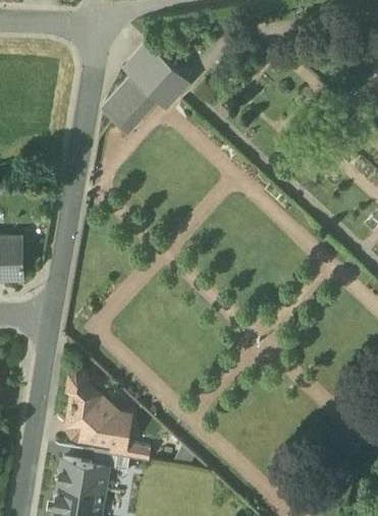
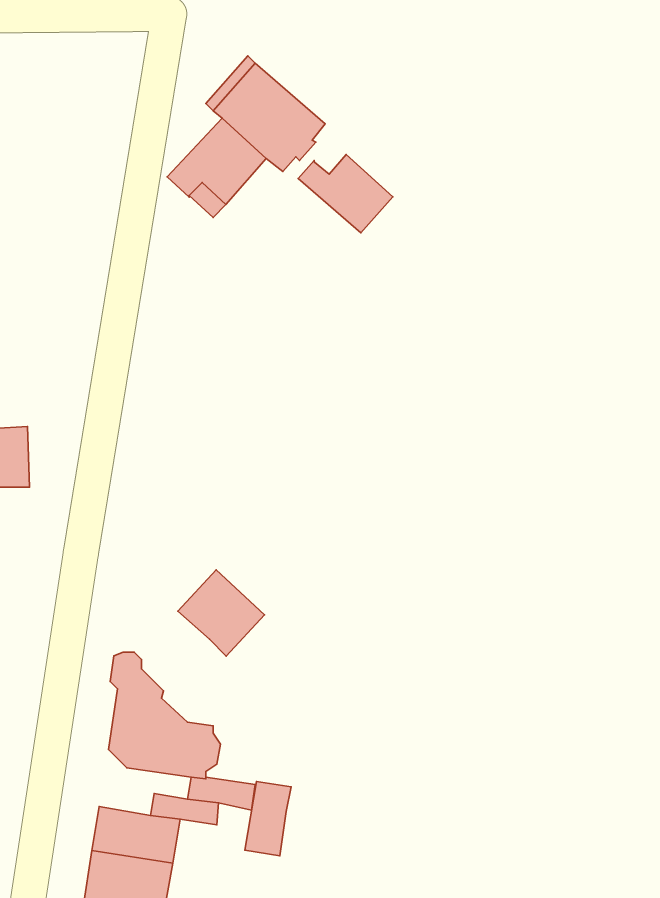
building: none -> [298,155,393,233]
building: none -> [178,570,264,656]
building: none -> [245,781,291,856]

